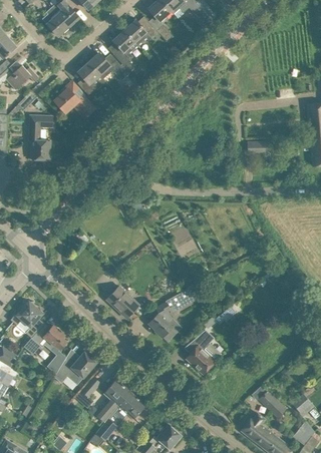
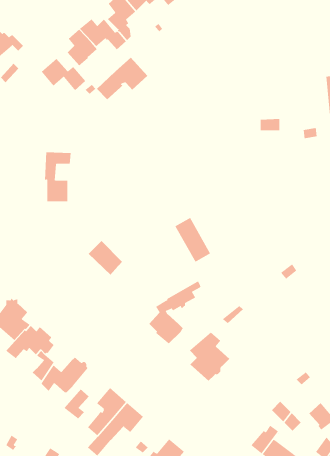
building: none -> [96,57,148,100]
building: [28,115,52,159] -> [44,152,72,202]
building: [105,287,136,318] -> [88,240,123,275]

